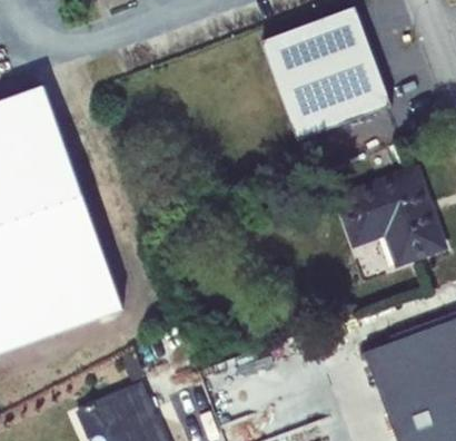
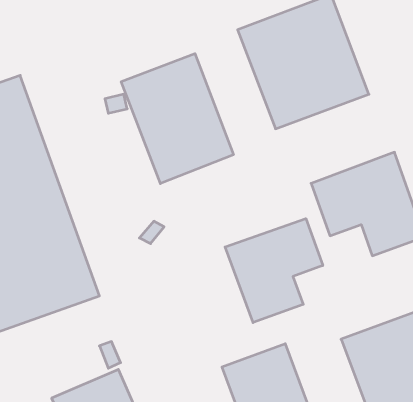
building: none -> [121,54,233,184]
building: none -> [225,219,323,323]

